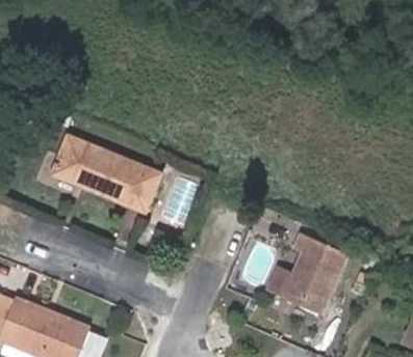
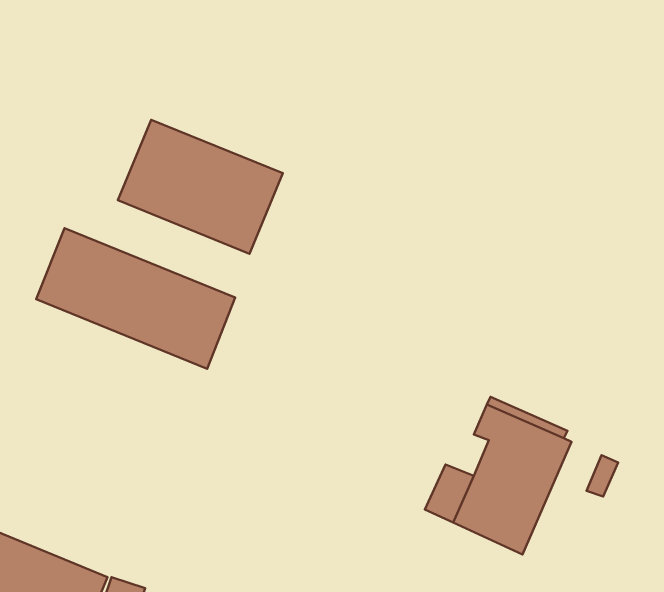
building: none -> [118,120,283,254]

